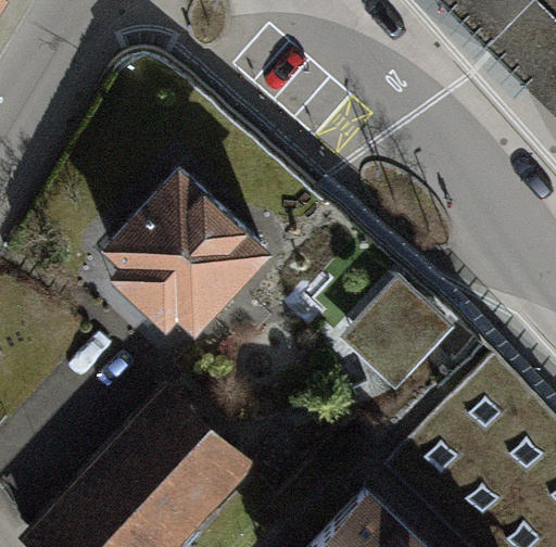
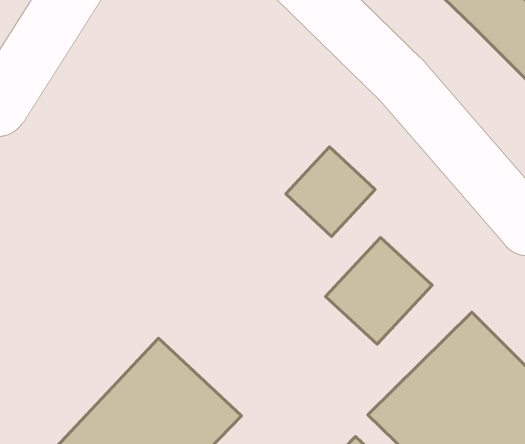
building: [114,173,265,321] -> none
building: none -> [286,147,375,236]

